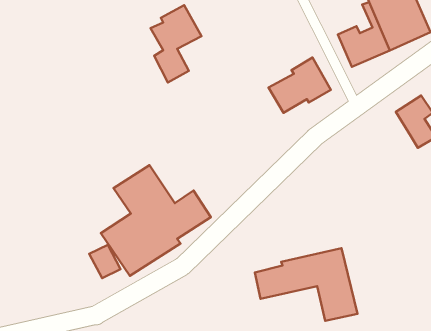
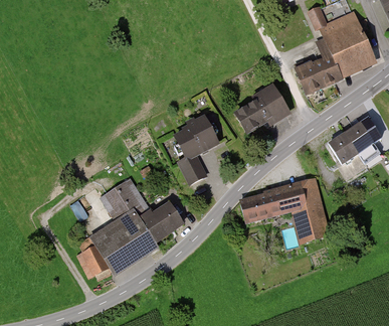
building: [151,5,201,82] -> [174,116,218,183]
building: none -> [329,132,358,163]
building: [255,248,358,321] -> [239,179,329,242]

